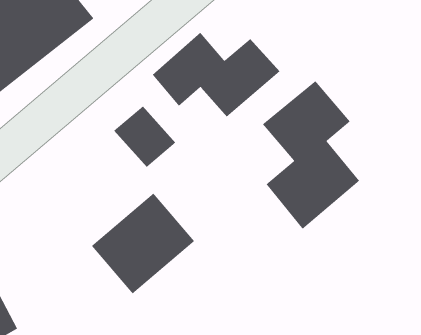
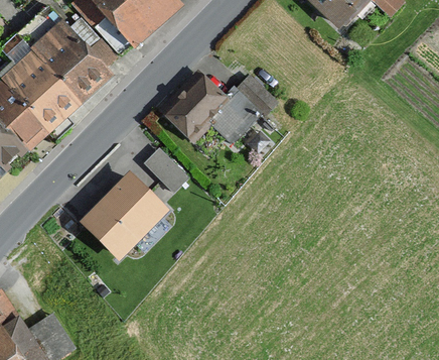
building: [262,80,360,230] -> none
building: [91,193,195,294] -> [78,170,167,260]

